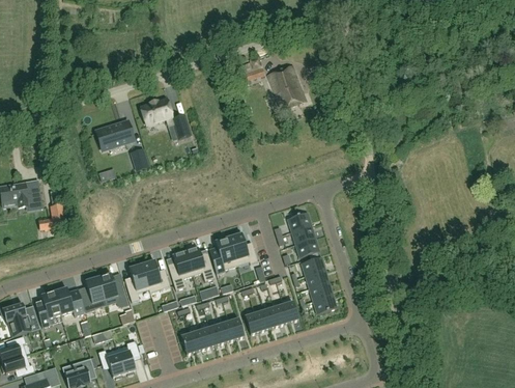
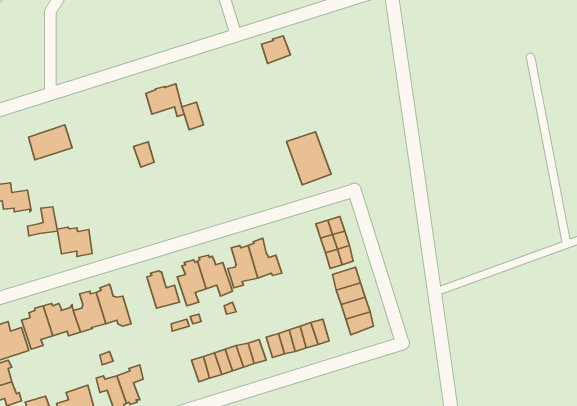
building: [268,64,307,110] -> [287,132,331,185]
building: [96,119,134,149] -> [29,125,72,160]
building: none -> [57,227,92,256]
building: [125,262,150,301] -> none

